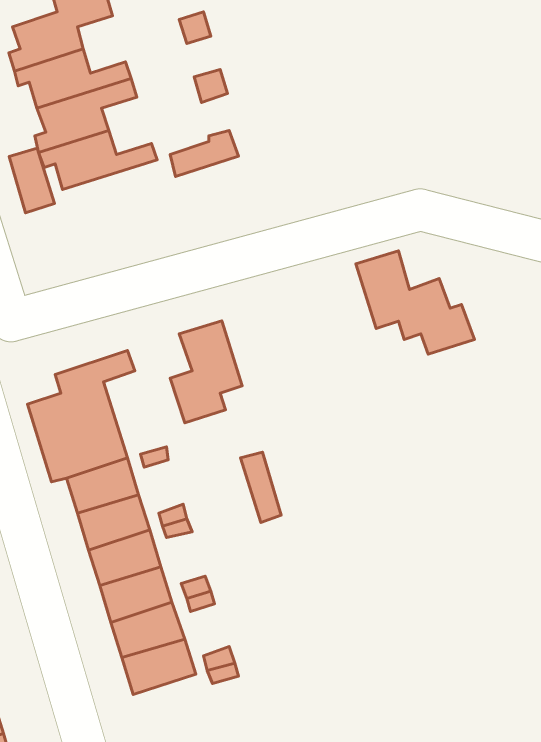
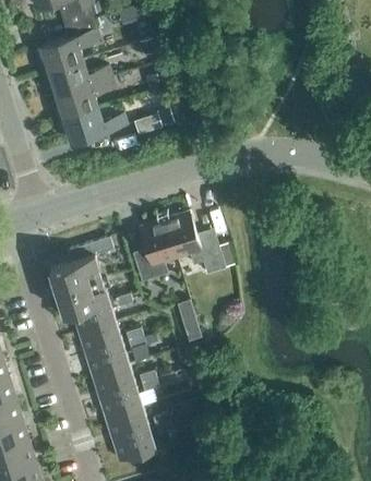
building: [9,148,55,213] -> none
building: [356,251,474,354] -> [165,213,235,274]
building: none -> [112,429,156,461]

